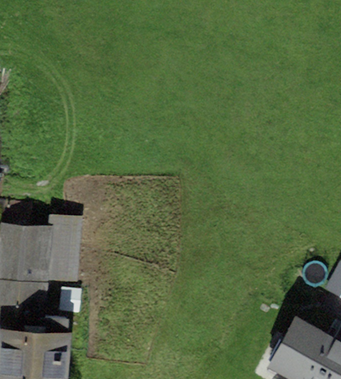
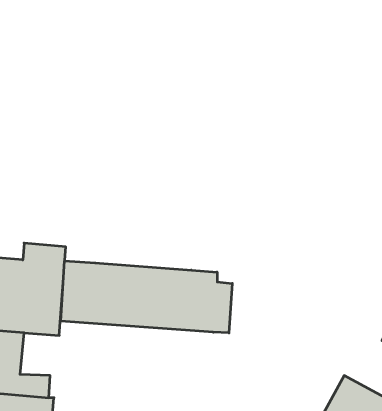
building: none -> [61,261,232,333]

